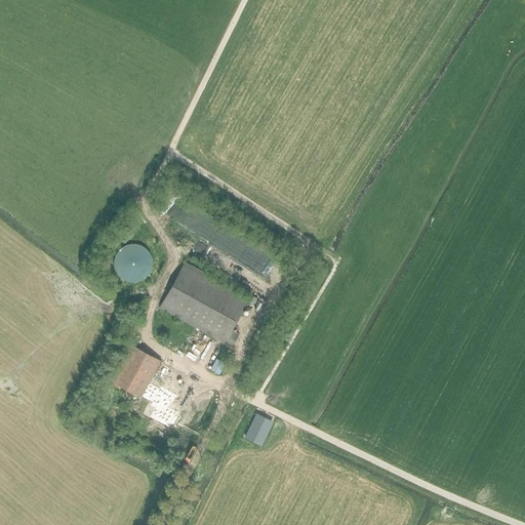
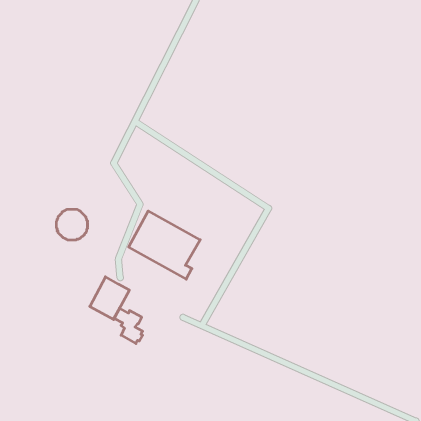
building: [114,244,153,282] -> [56,209,88,240]
building: [245,414,273,445] -> none

